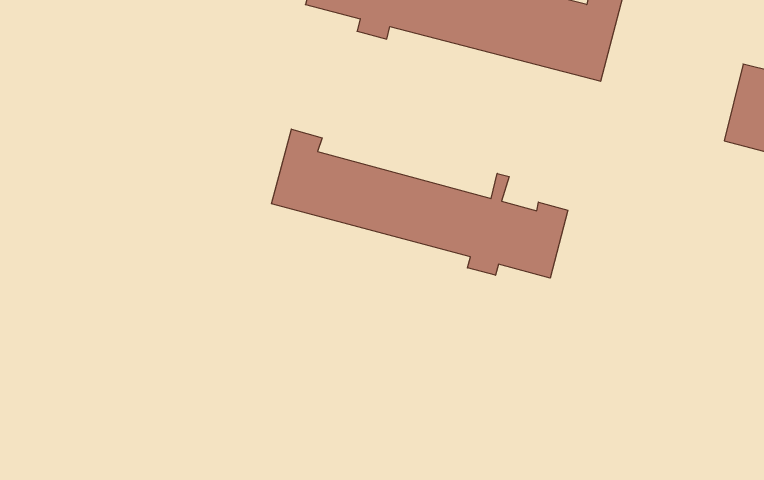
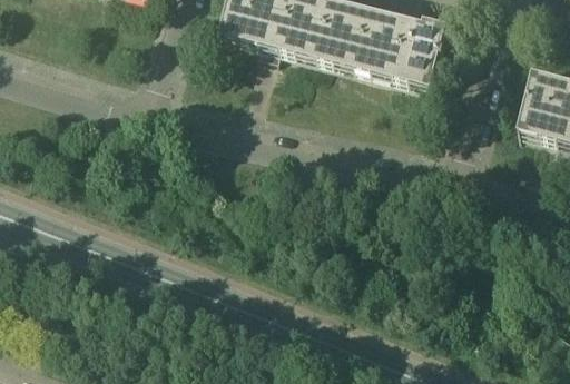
building: [271,129,568,278] -> none

